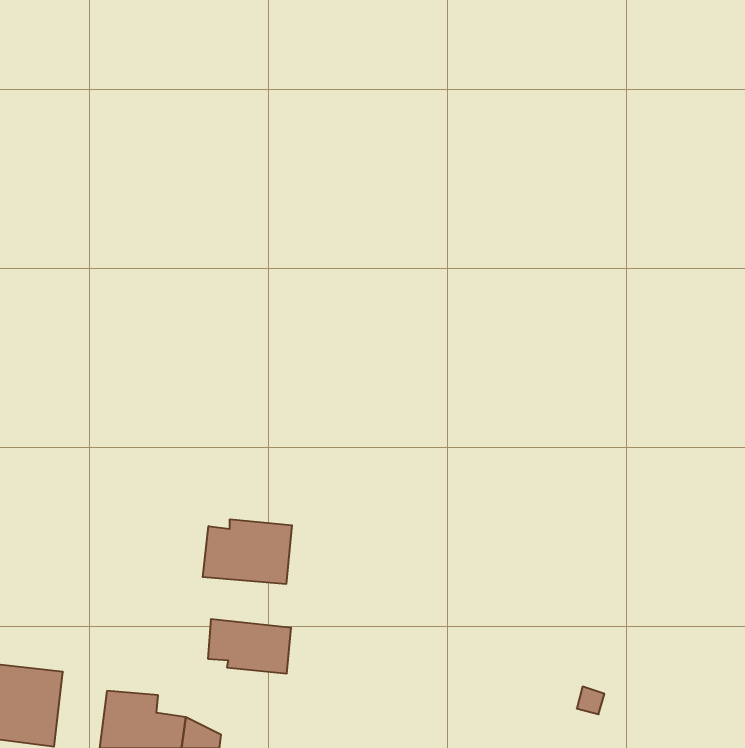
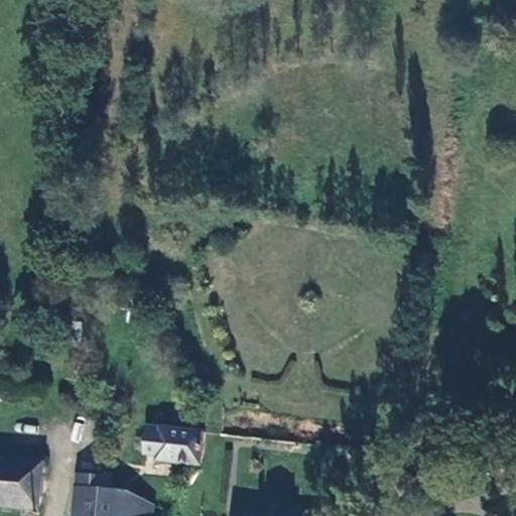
building: [203,519,292,584] -> none

